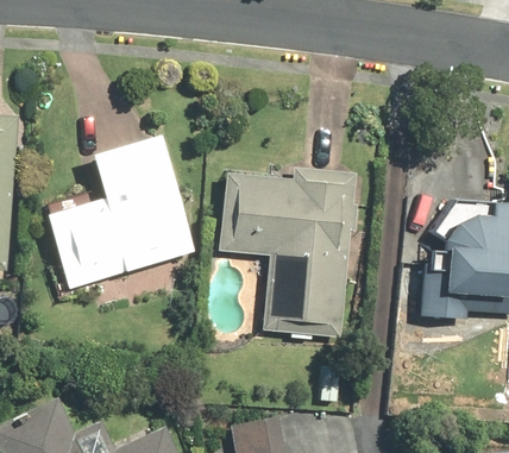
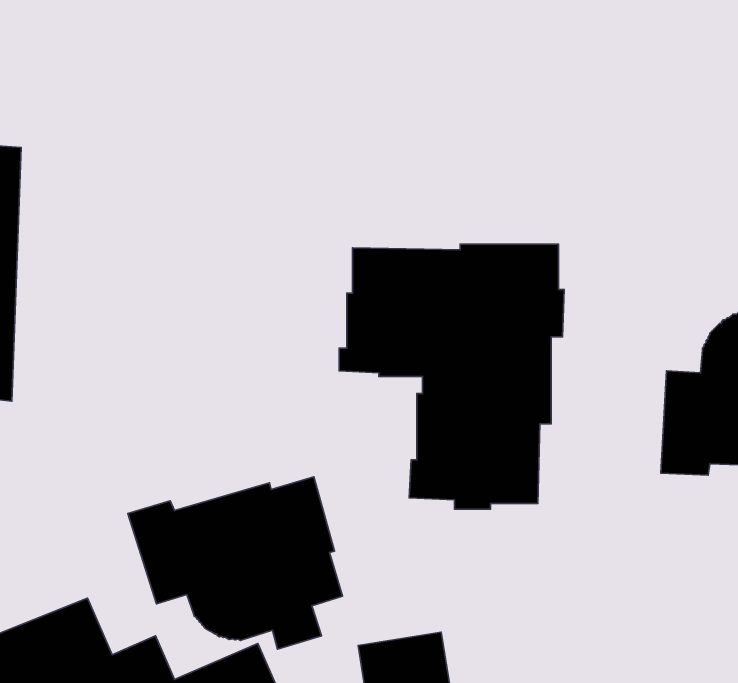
building: [44,133,197,289] -> none
building: none -> [128,477,342,649]

